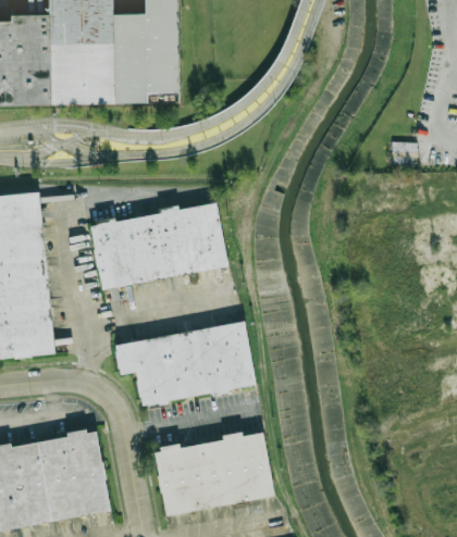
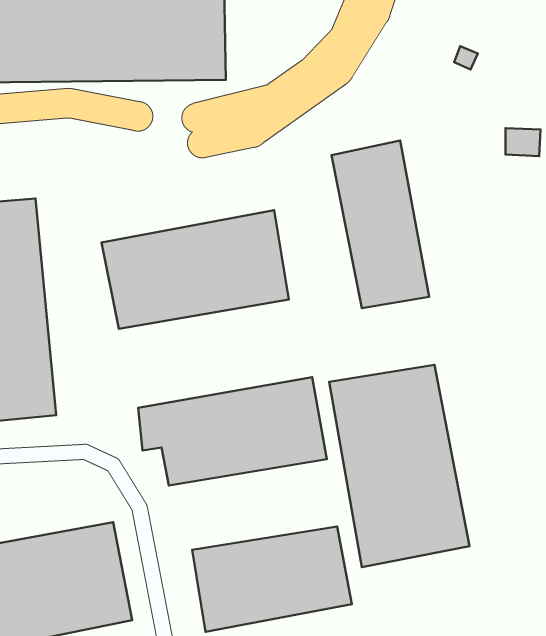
building: none -> [332,140,429,308]
building: none -> [329,365,469,567]

